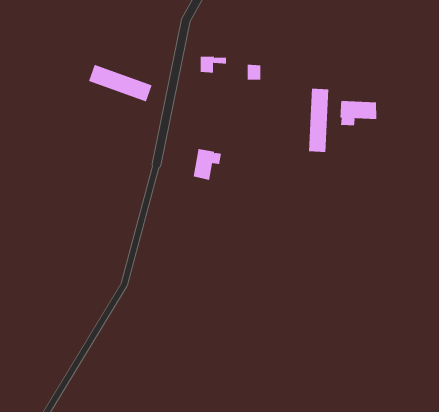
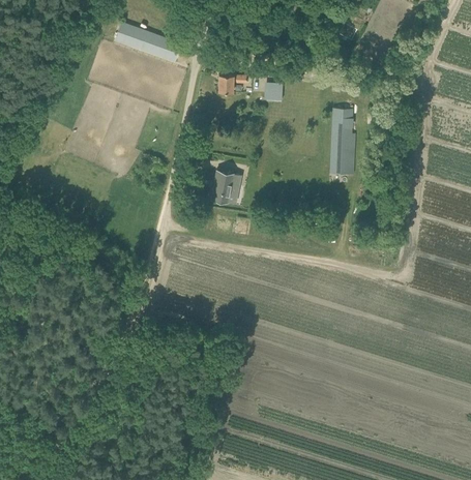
building: [88,64,152,102] -> [116,23,182,62]
building: [340,100,377,126] -> none

